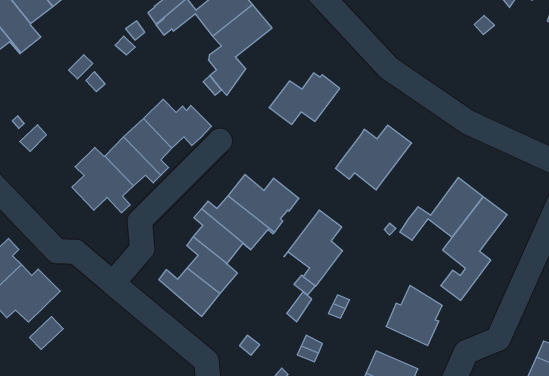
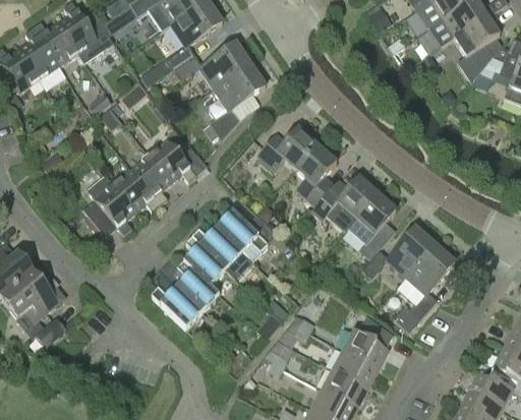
building: none -> [296,142,337,204]
building: [284,210,343,286] -> [344,194,396,259]
building: none -> [333,350,378,388]

